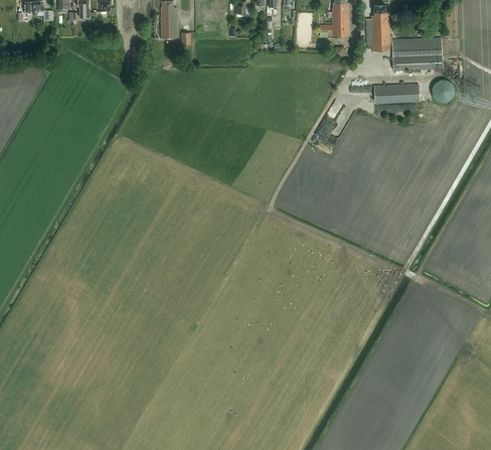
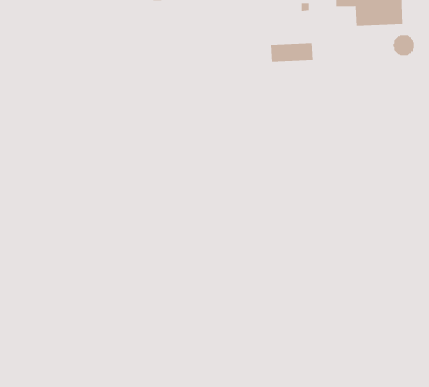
building: [373,84,419,104] -> [270,43,314,62]

